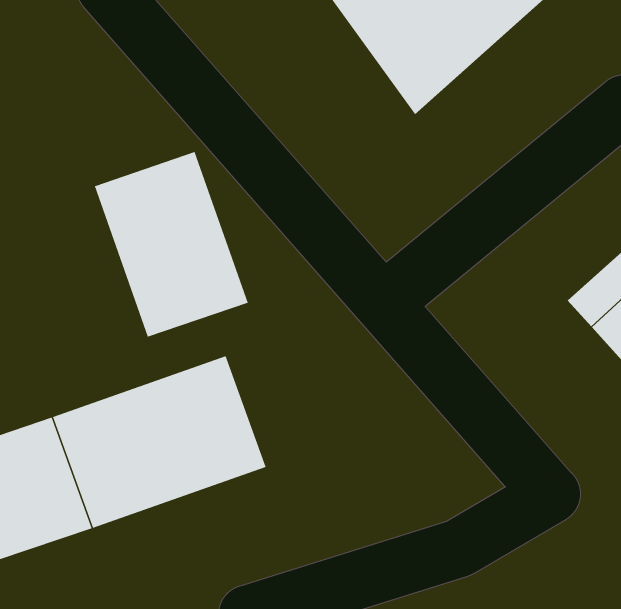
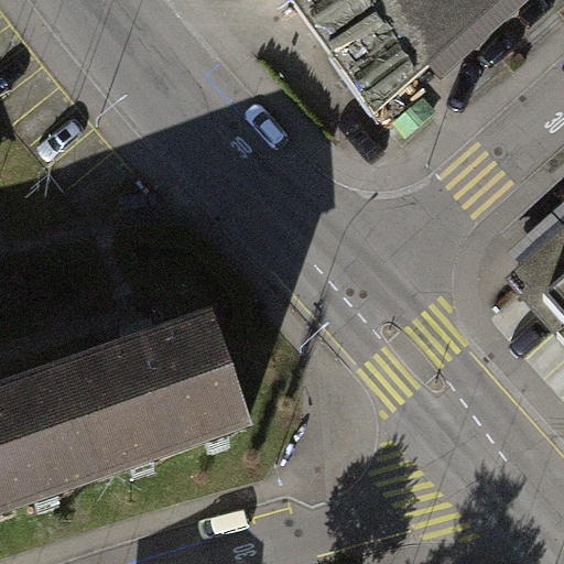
building: [94,151,248,338] -> none

